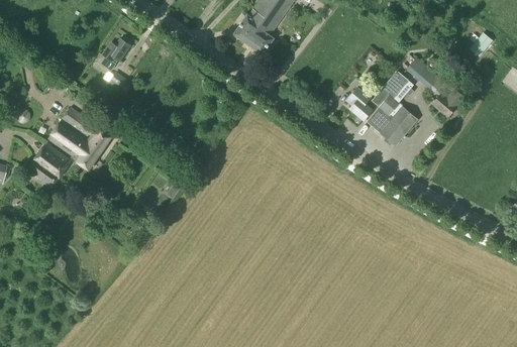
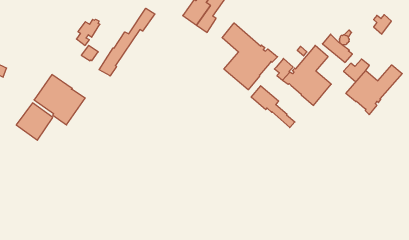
building: none -> [99,8,155,76]
building: none -> [222,23,278,90]
building: none -> [346,65,402,115]
building: none -> [251,86,295,128]

